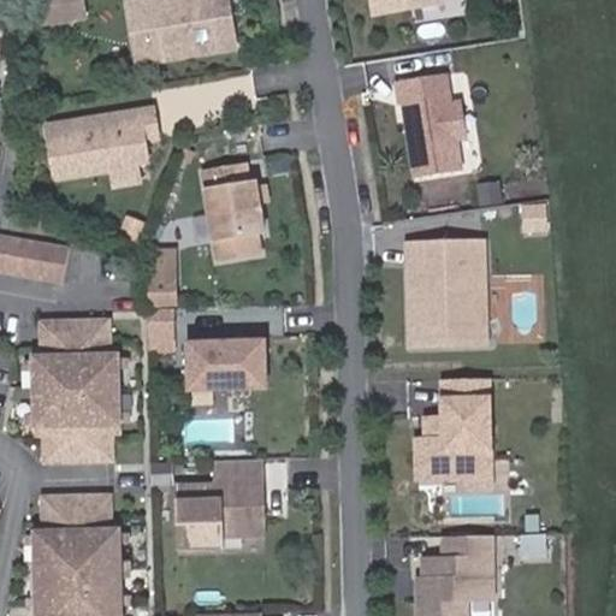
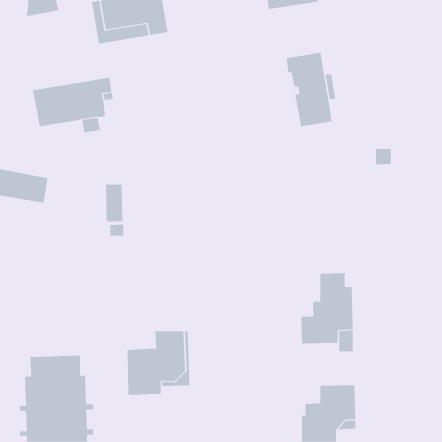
building: [202,164,262,259] -> none
building: [408,238,485,343] -> none
building: [32,318,120,462] -> none
building: [184,339,266,383] -> none

